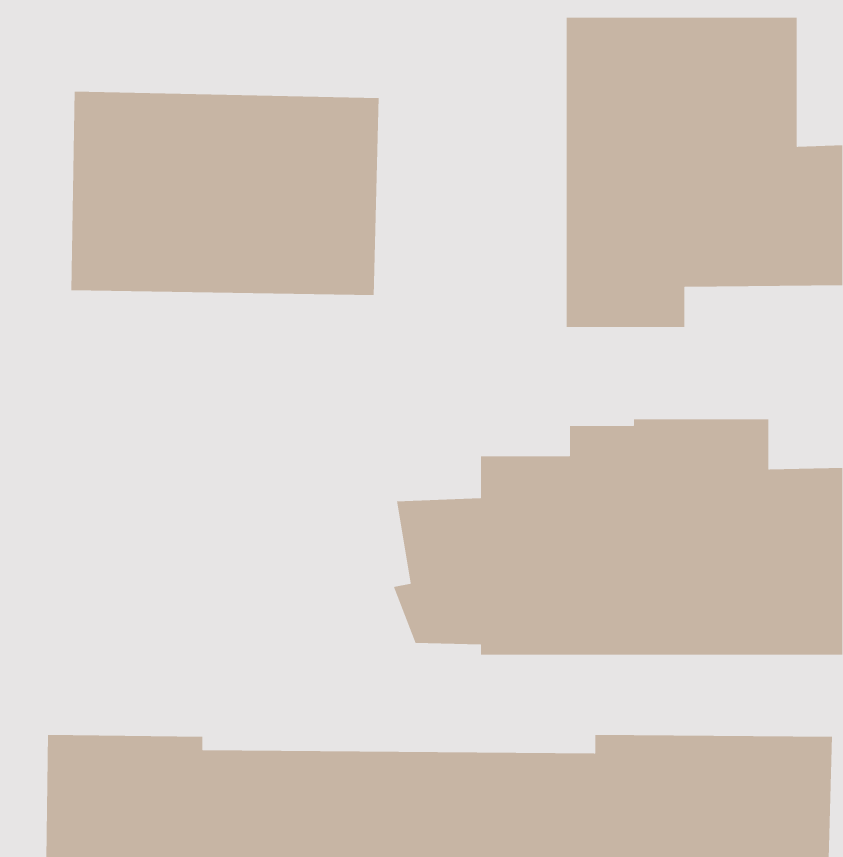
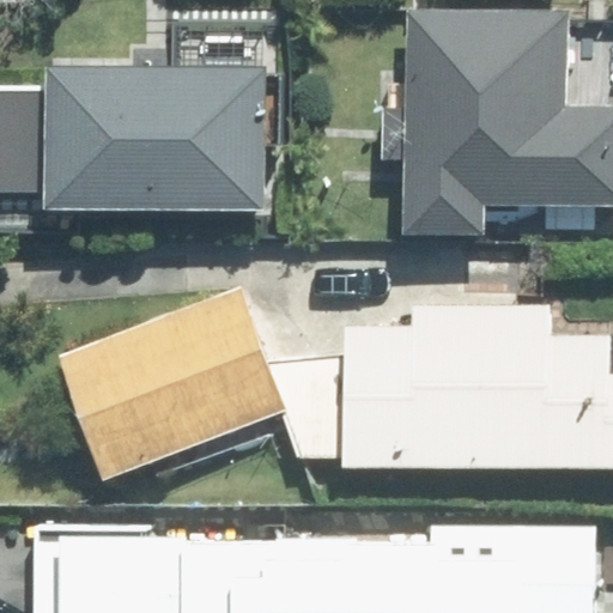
building: none -> [57,289,283,482]

